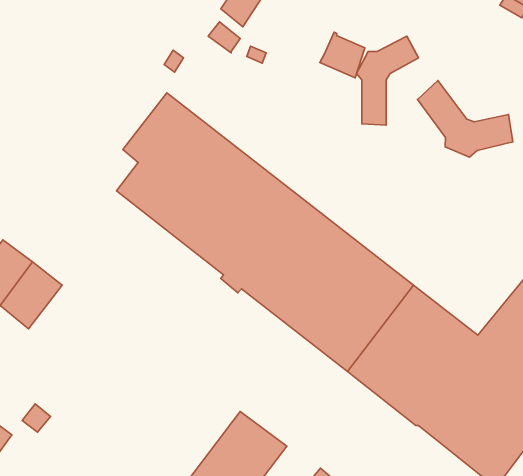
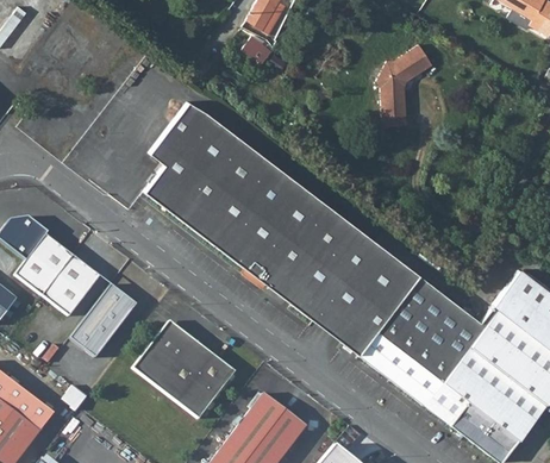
building: [320,32,365,78] -> none
building: [418,80,513,157] -> none
building: none -> [70,283,136,357]
building: none -> [132,319,236,417]

